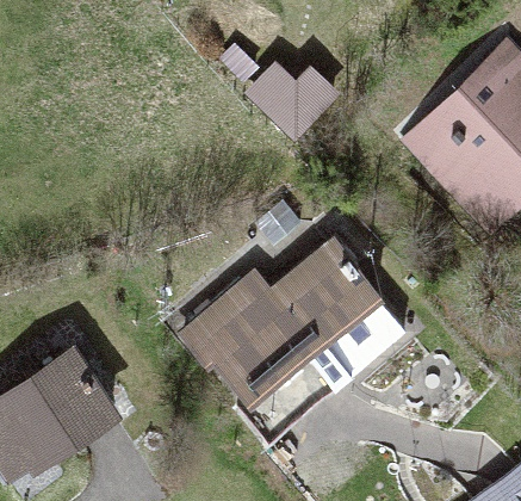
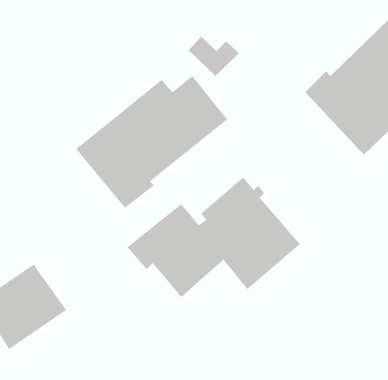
building: none -> [75,75,228,209]

